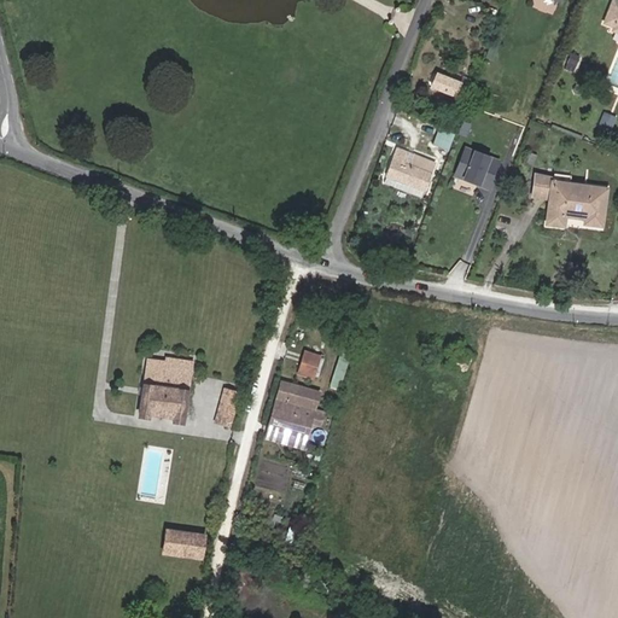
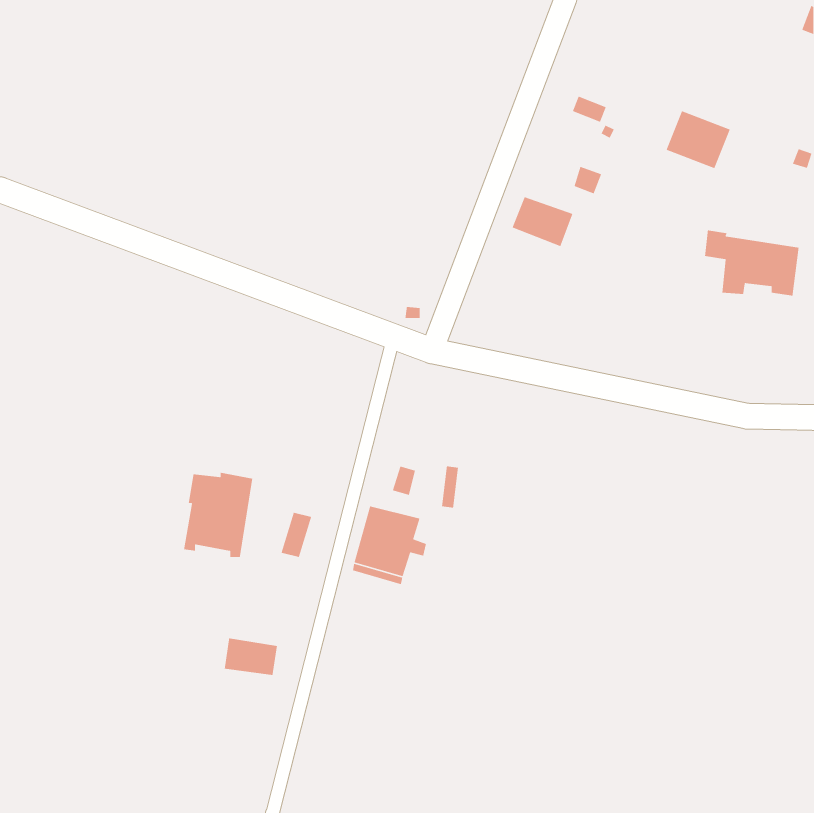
building: [454,142,503,187] -> [666,110,731,169]
building: [164,529,205,558] -> [224,637,278,676]

